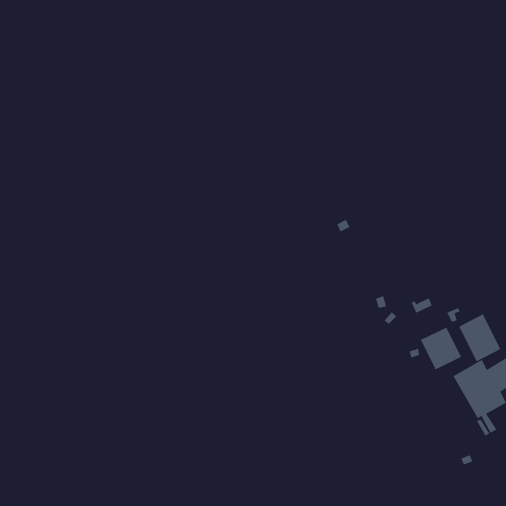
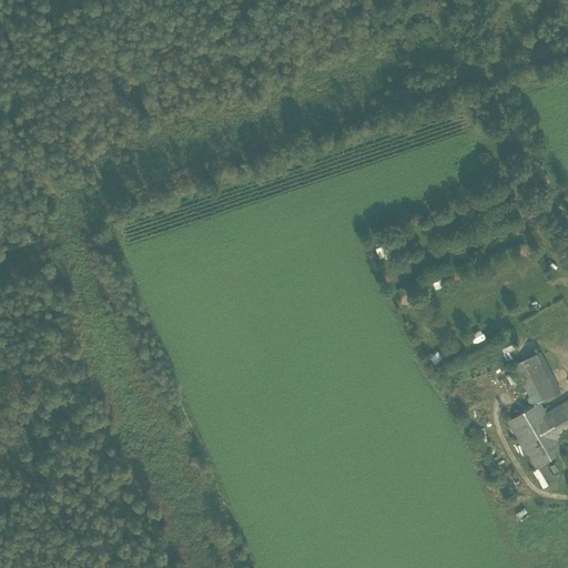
building: [420,327,462,370] -> none

